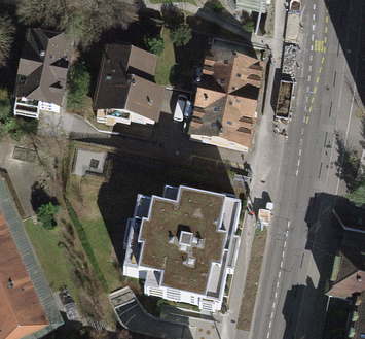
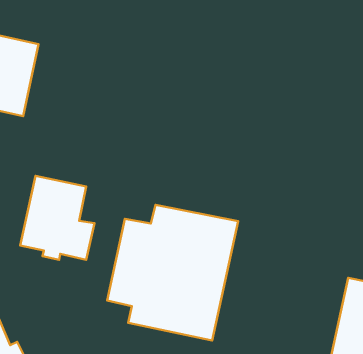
building: [95,45,159,118] -> [20,176,95,260]
building: [189,52,261,144] -> none

